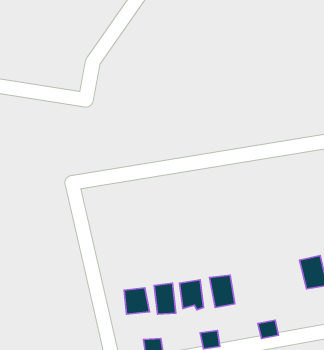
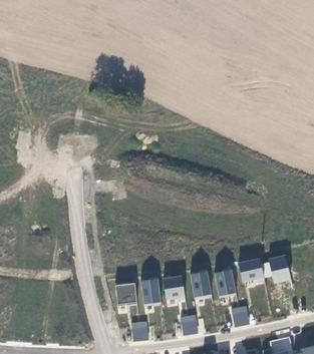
building: none -> [238,256,264,281]
building: none -> [214,269,235,297]

